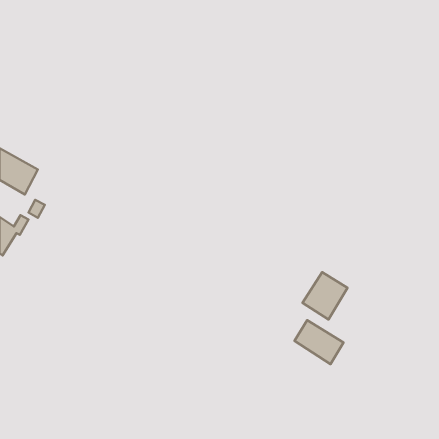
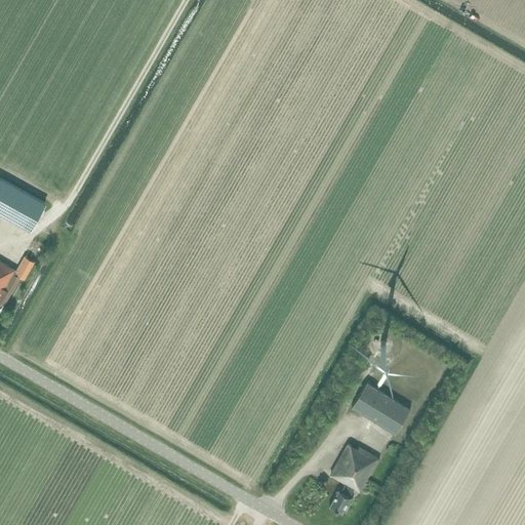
building: [303,272,347,320] -> none
building: none -> [328,444,377,514]

